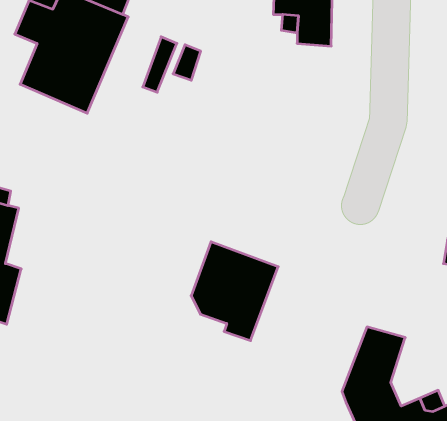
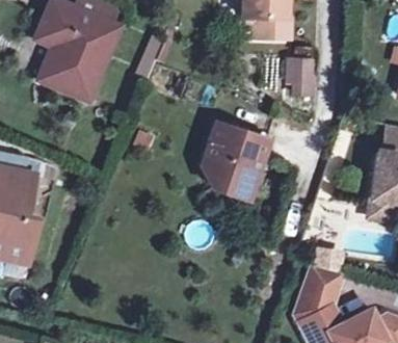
building: none -> [283,59,314,99]
building: [191,242,278,341] -> [207,124,275,202]

